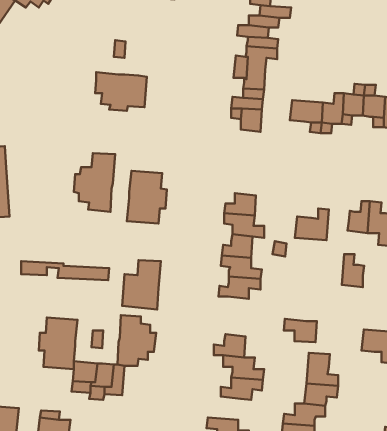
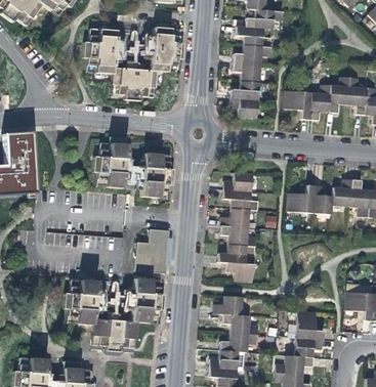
building: none -> [151,27,184,71]
building: none -> [84,28,117,74]
building: [342,254,364,287] -> [315,186,334,215]
building: [284,319,317,342] -> [227,262,256,283]
building: none -> [211,349,240,370]

